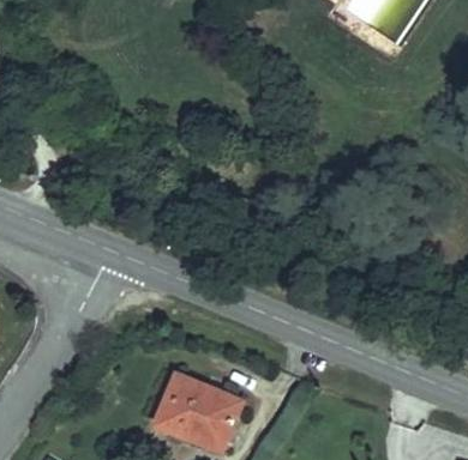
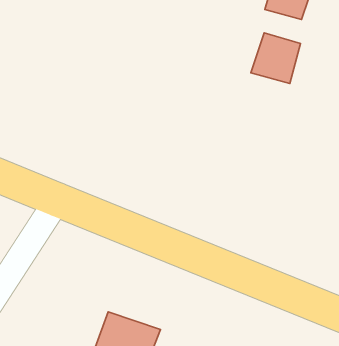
building: none -> [251,33,301,83]

